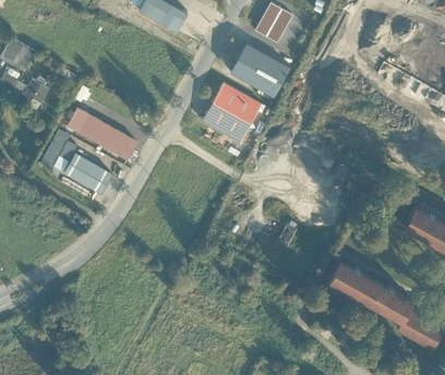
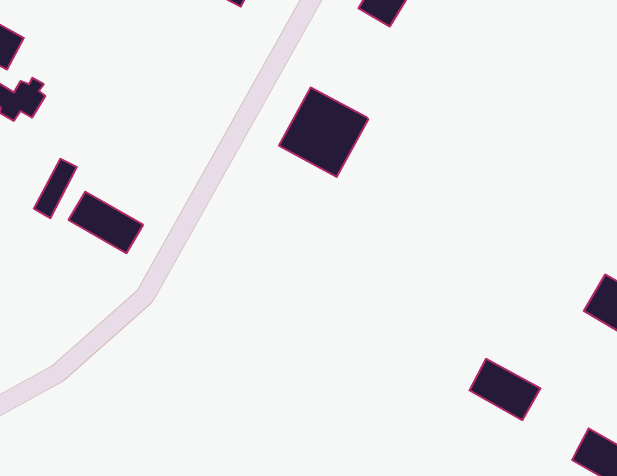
building: [230,44,290,97] -> none
building: [68,108,137,160] -> none
building: [363,282,411,323] -> none

